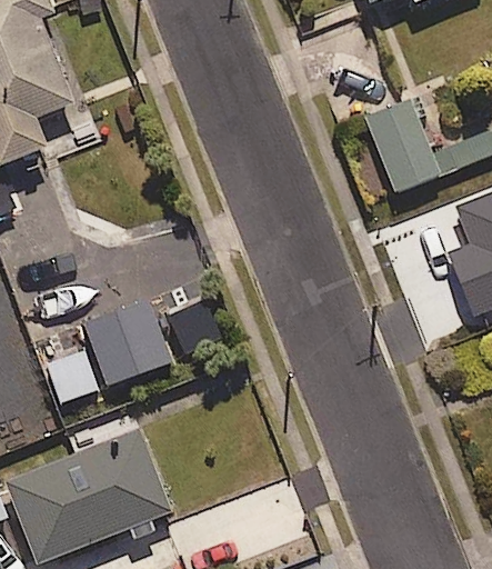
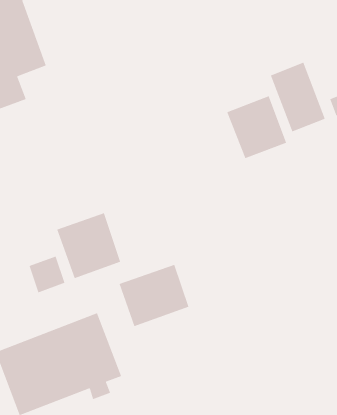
building: none -> [226,95,287,159]
building: none -> [119,264,190,327]

